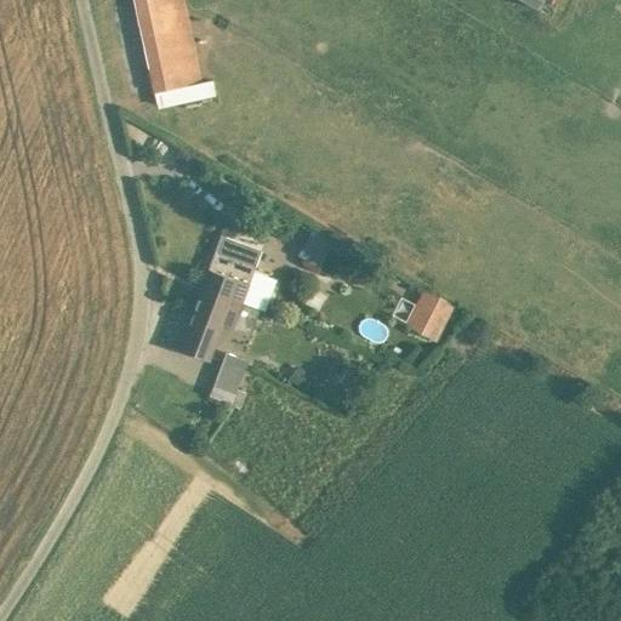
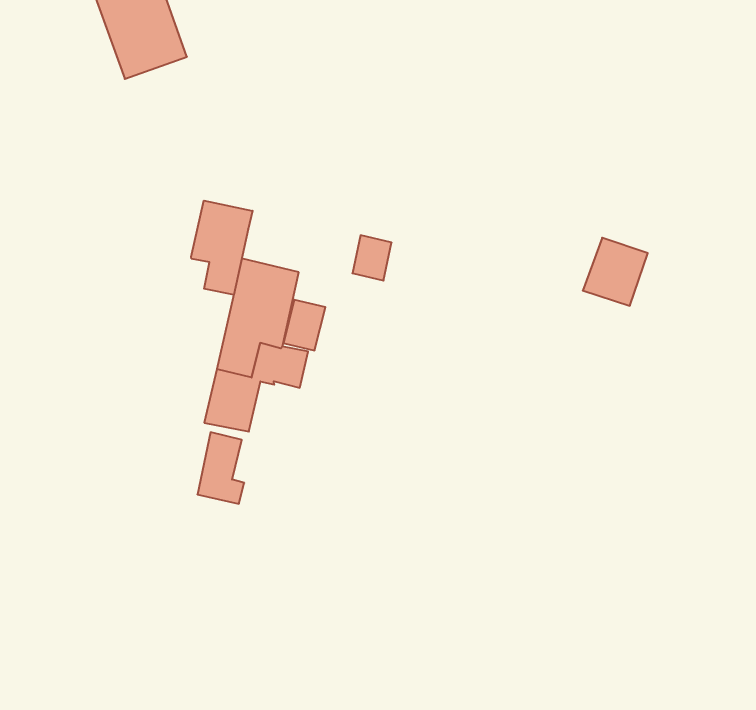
building: none -> [191,201,253,295]
building: [404,287,455,340] -> [583,238,648,306]
building: [210,352,247,406] -> [197,432,244,504]

